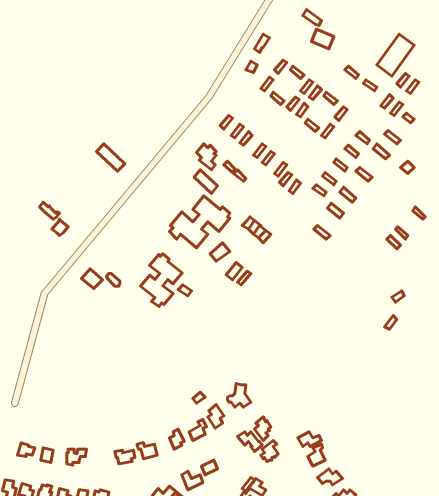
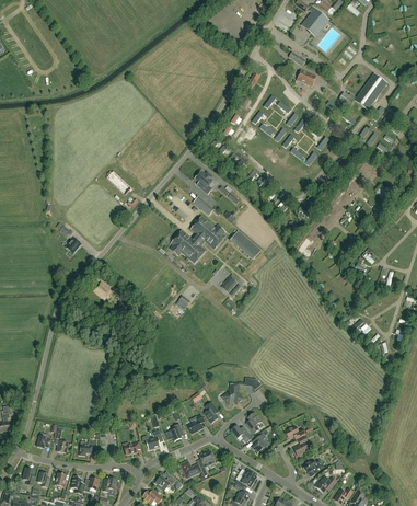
building: [141,254,182,306] -> none

